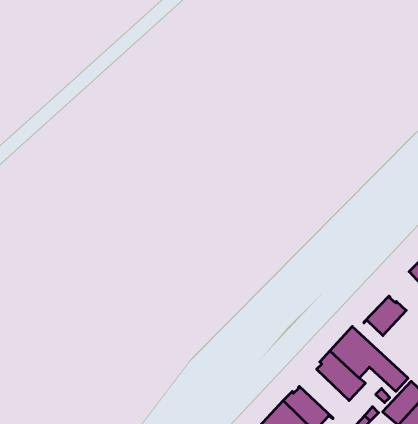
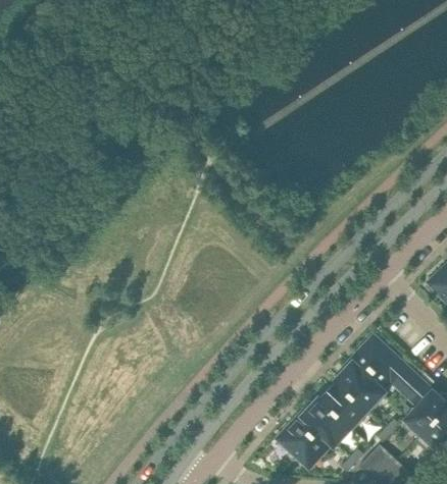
building: [364,296,406,336] -> none
building: none -> [319,380,369,429]

